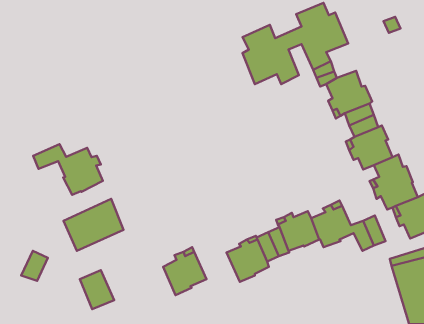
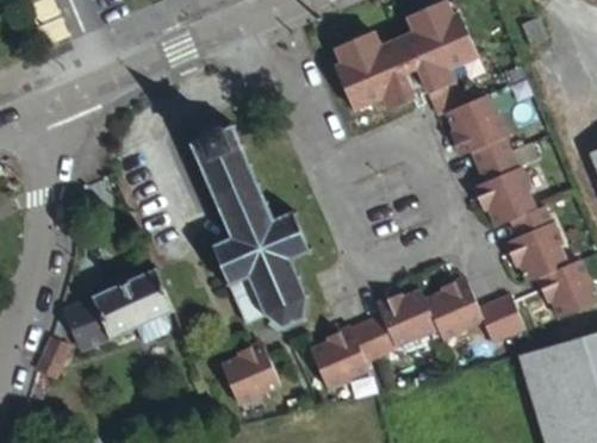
building: none -> [188,124,307,326]
building: [33,144,103,195] -> none
building: [80,270,114,309] -> [64,300,111,352]

